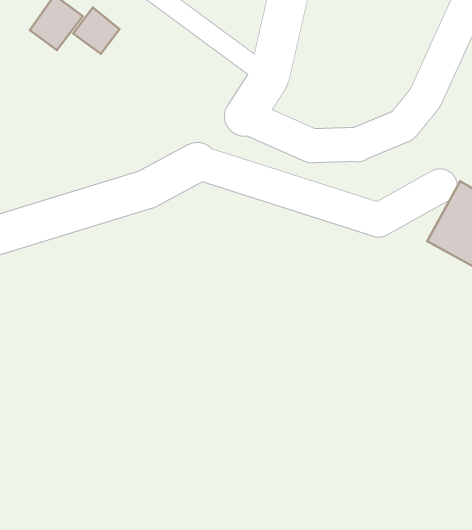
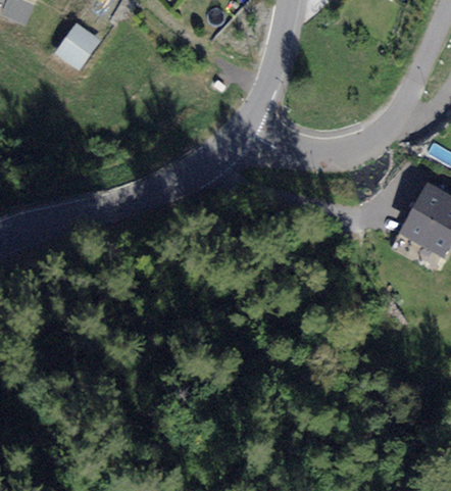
building: [73,7,119,54] -> none

